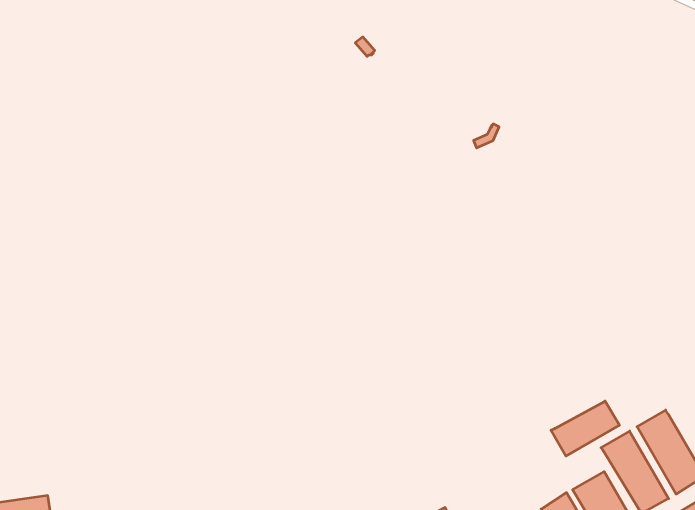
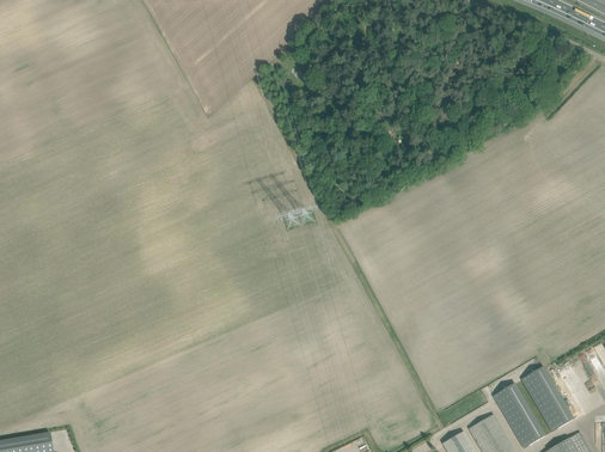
building: [551,401,619,456] -> none

